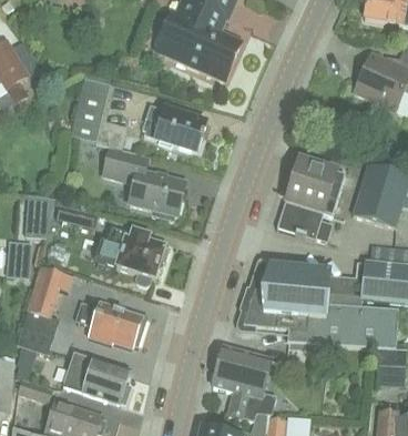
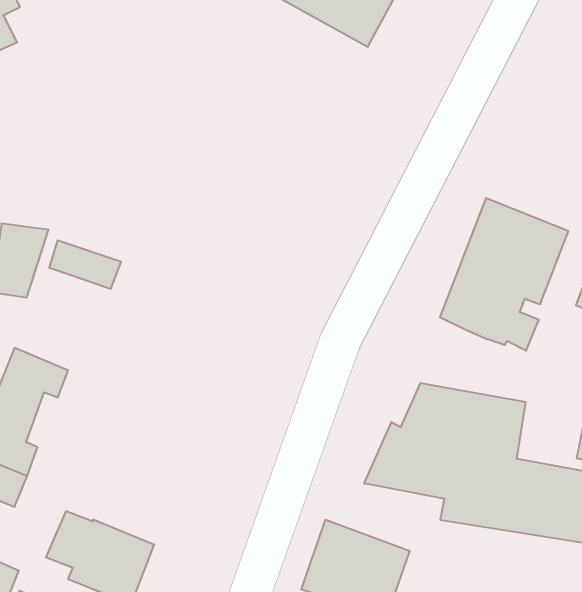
building: [70,77,111,141] -> none
building: [142,104,206,152] -> none
building: [103,146,185,220] -> none
building: [94,227,169,278] -> none
building: [75,298,147,347] -> none

